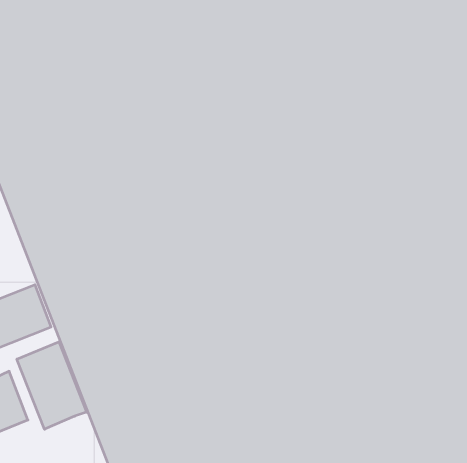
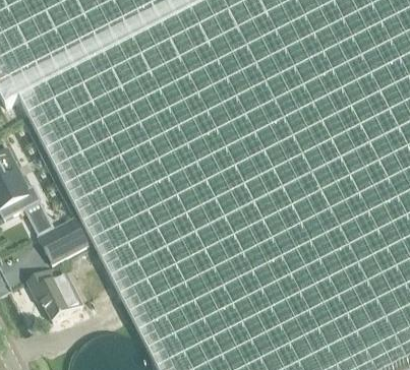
building: [17,342,86,429] -> none

